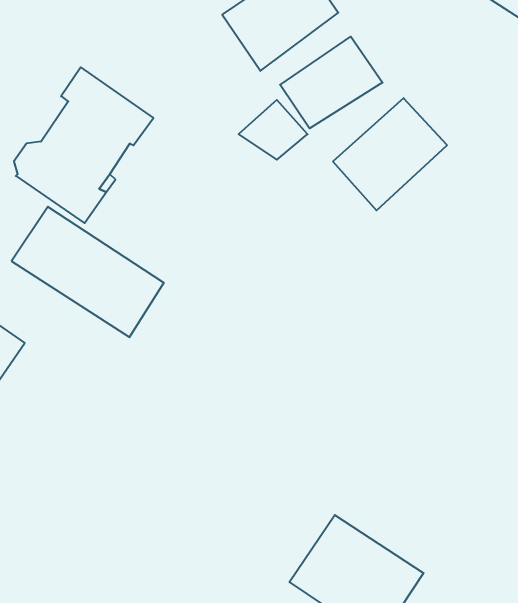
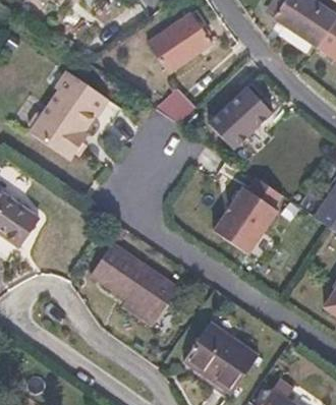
building: [280,37,383,128] -> none
building: [12,207,164,337] -> [90,245,175,319]
building: none -> [212,176,282,255]

